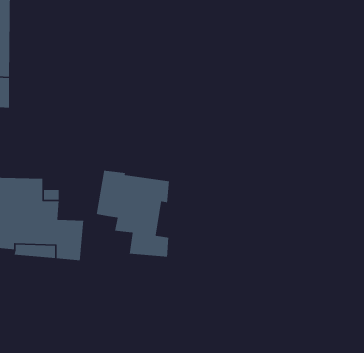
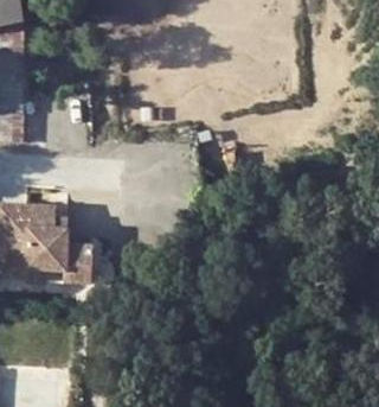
building: [96,170,170,258] -> none

